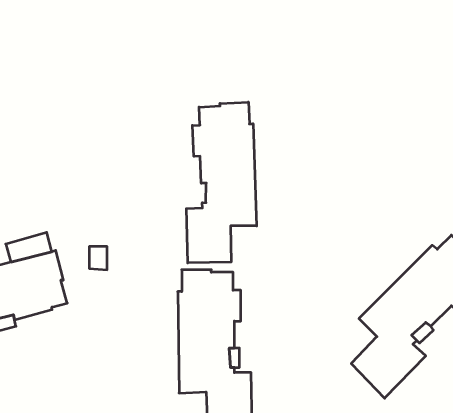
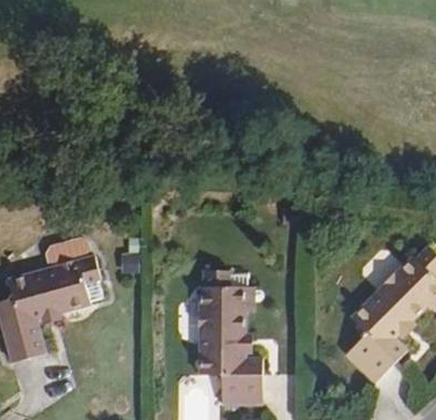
building: [186,102,257,263] -> none

